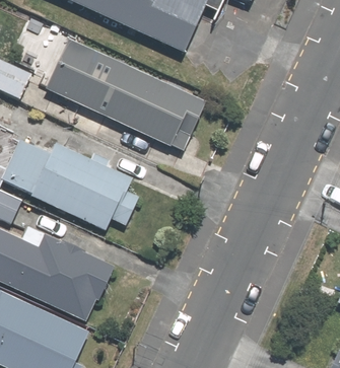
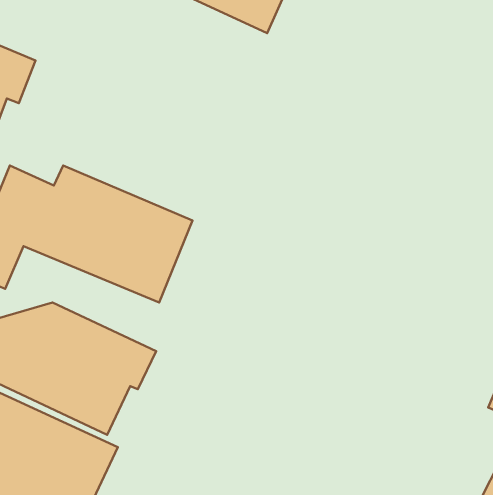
building: [44,39,205,146] -> none

